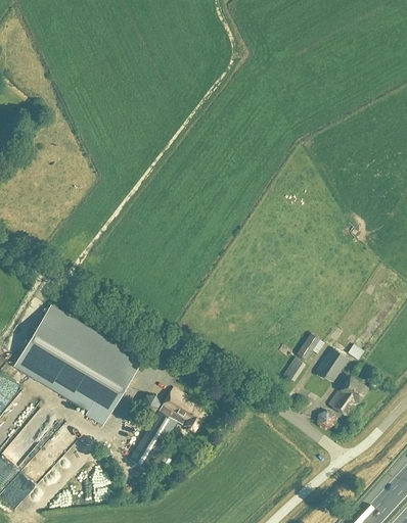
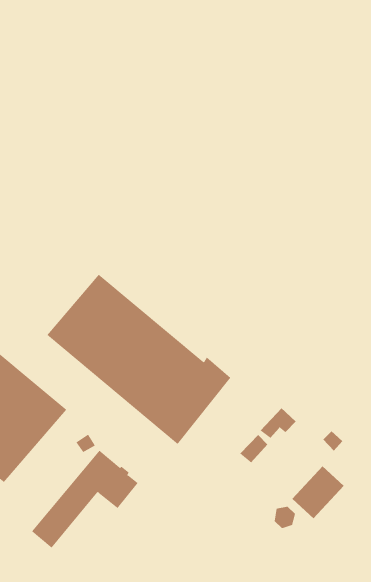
building: none -> [46,274,231,445]
building: [316,347,348,382] -> none

